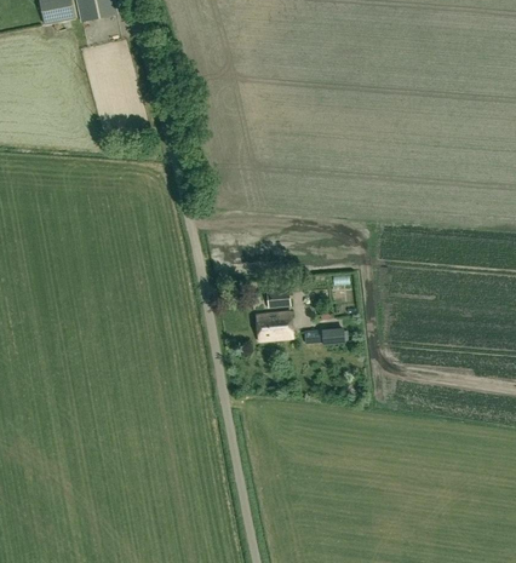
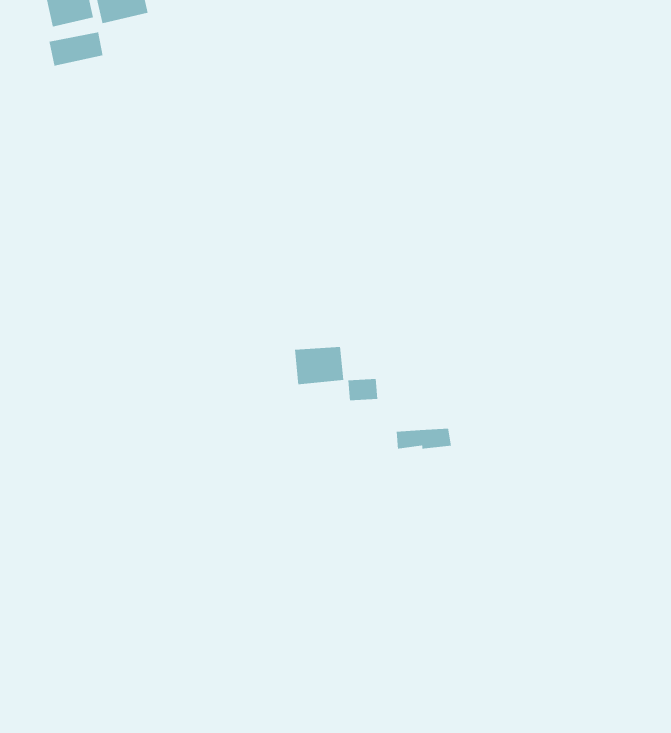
building: none -> [49,31,103,67]
building: [256,311,293,340] -> [294,346,344,385]

